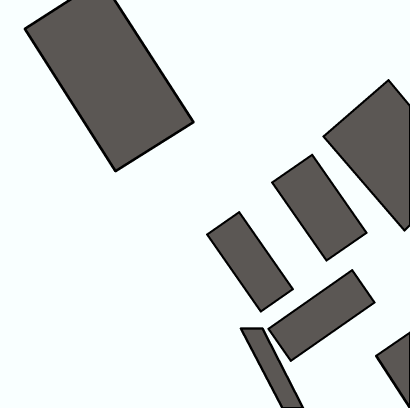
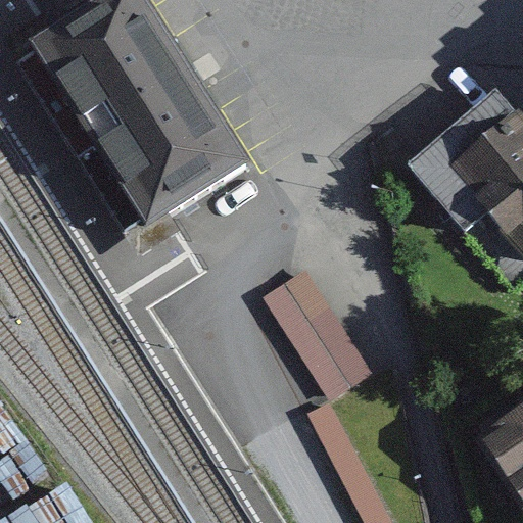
building: [272,155,366,261] -> none
building: [268,270,375,361] -> none

